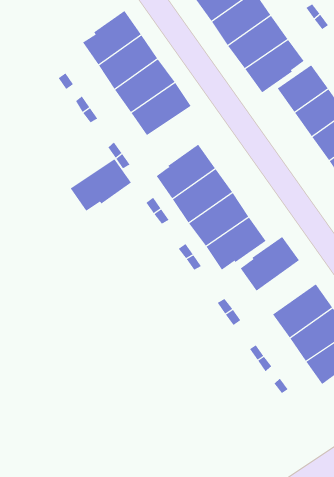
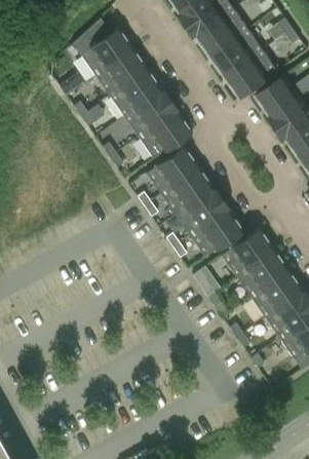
building: [70,158,132,211] -> [137,111,192,158]
building: none -> [234,248,287,297]

